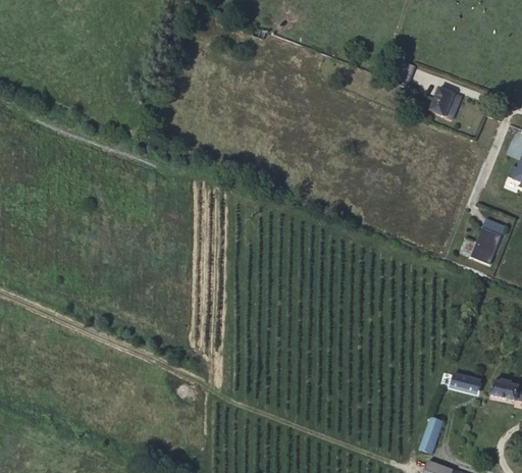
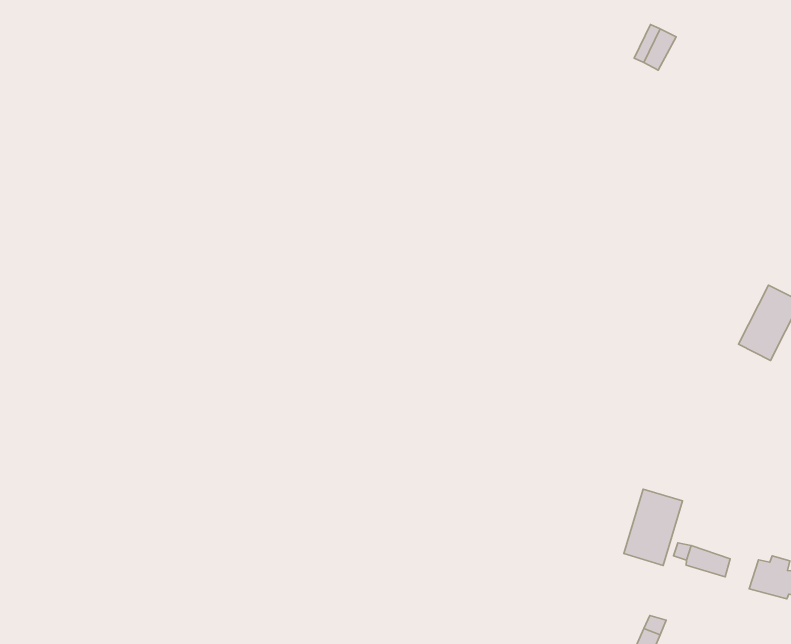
building: [427,87,454,115] -> none
building: none -> [624,489,682,565]

